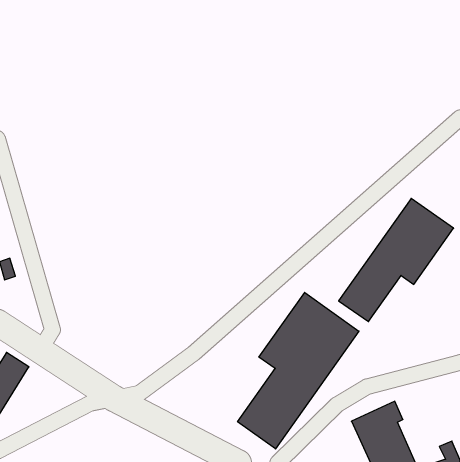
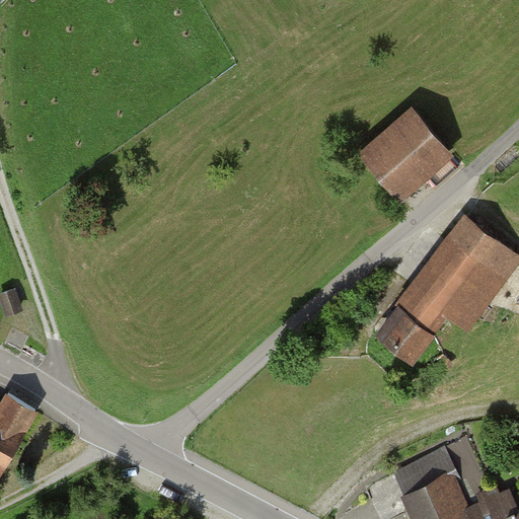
building: none -> [371,116,453,196]
building: [238,292,359,449] -> none

